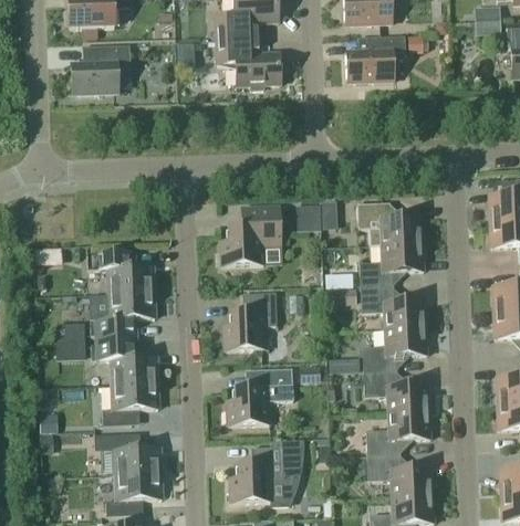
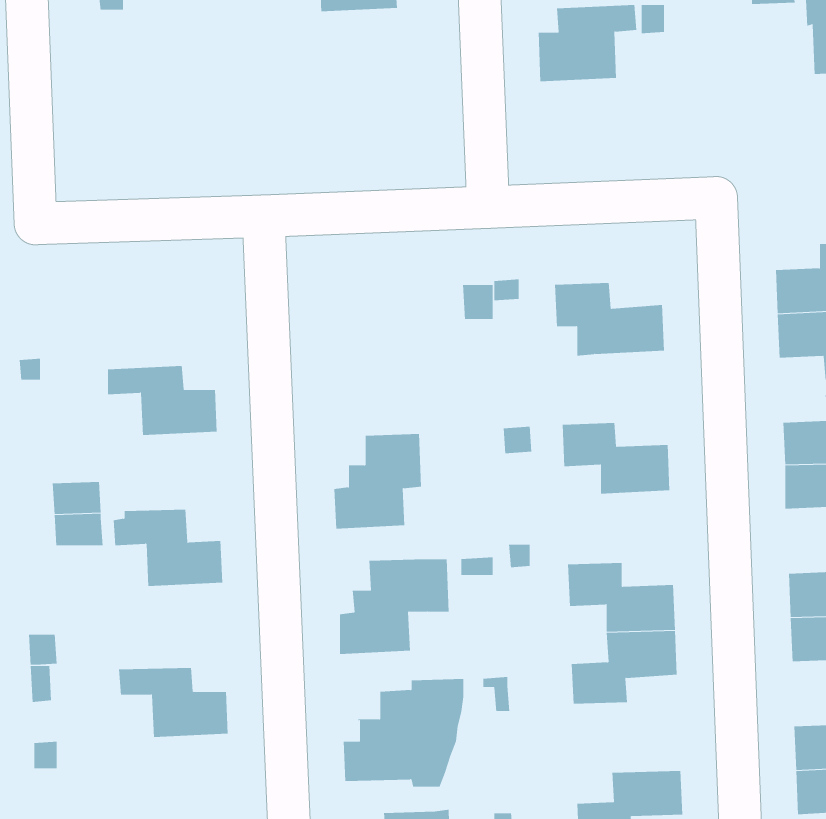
building: [216,38,281,88] -> none
building: [71,44,131,93] -> none
building: [220,204,280,265] -> none
building: [360,243,424,287] -> none
building: [89,292,155,339] -> none
building: [363,327,427,371] -> none
building: [102,382,158,425] -> none
building: [367,454,433,496] -> none
building: [105,473,162,516] -> none

